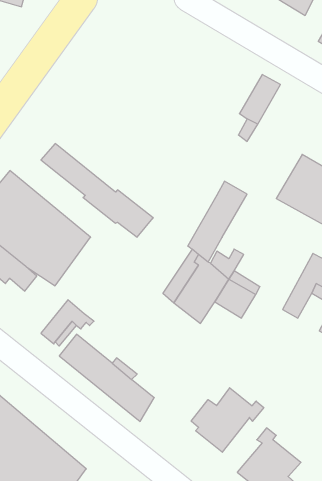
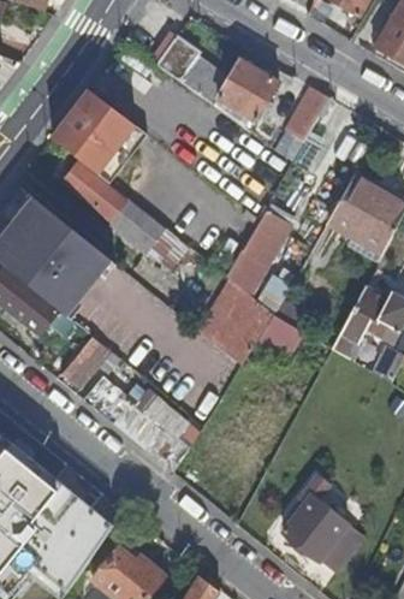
building: none -> [159,36,279,124]
building: none -> [53,89,137,174]
building: [191,388,264,452] -> none

